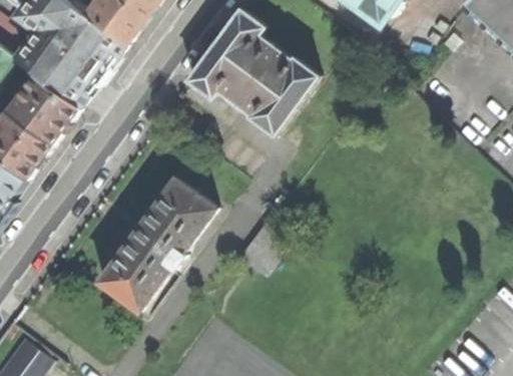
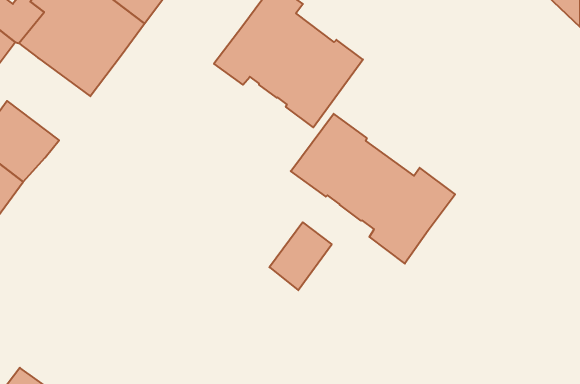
building: [7,73,79,144] -> none
building: none -> [291,114,455,264]
building: [97,176,214,311] -> none

